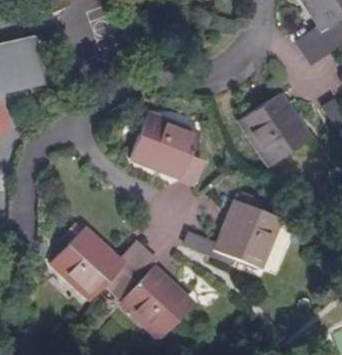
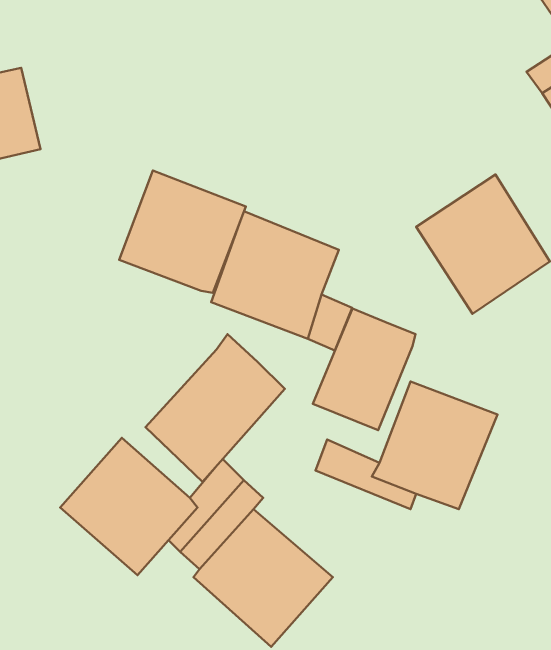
building: none -> [119,170,246,293]
building: none -> [313,309,416,430]
building: none -> [145,334,285,482]

